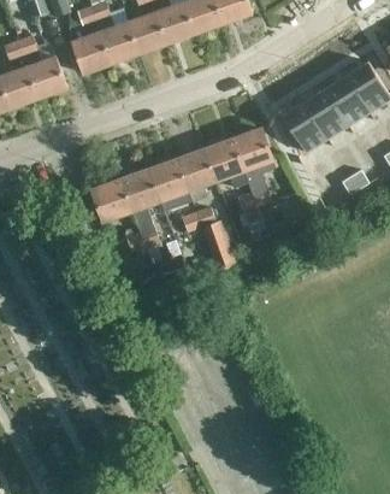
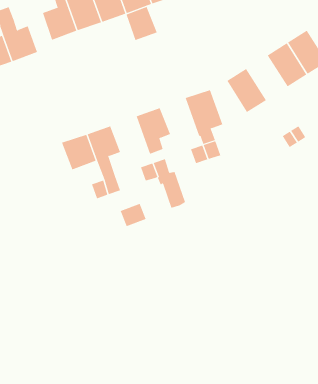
building: none -> [126,6,158,41]
building: [301,90,347,141] -> none
building: [203,139,247,187] -> none
building: [148,159,191,207] -> none

